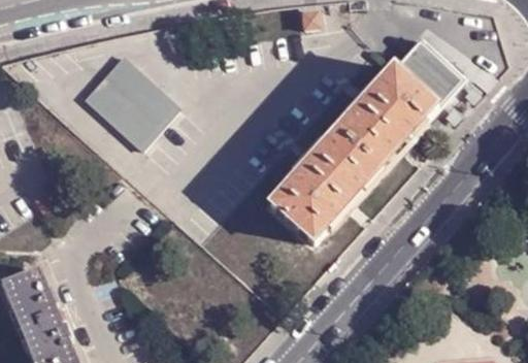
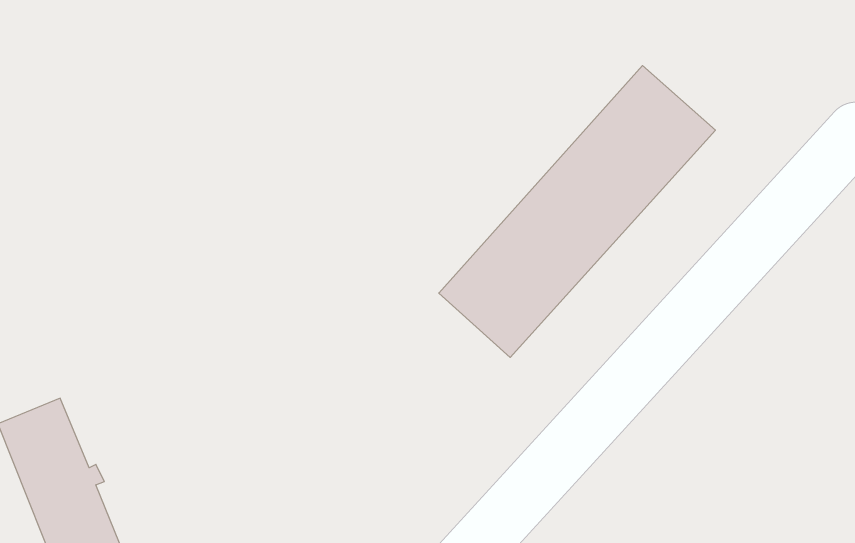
building: [391,38,459,104] -> none
building: [84,55,178,148] -> none

